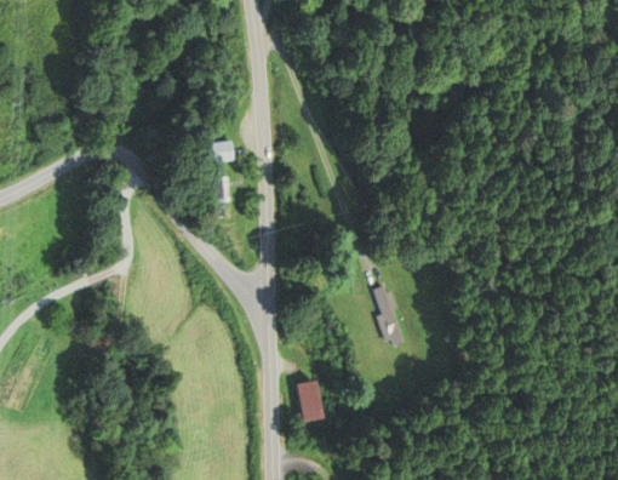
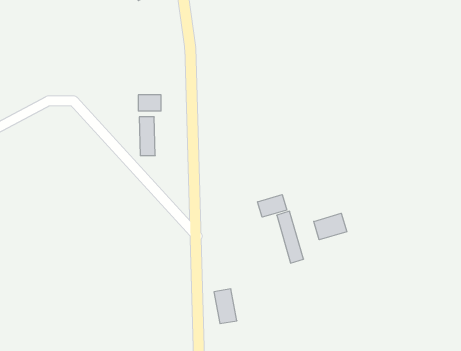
building: none -> [258,195,287,217]
building: none -> [314,213,347,240]

